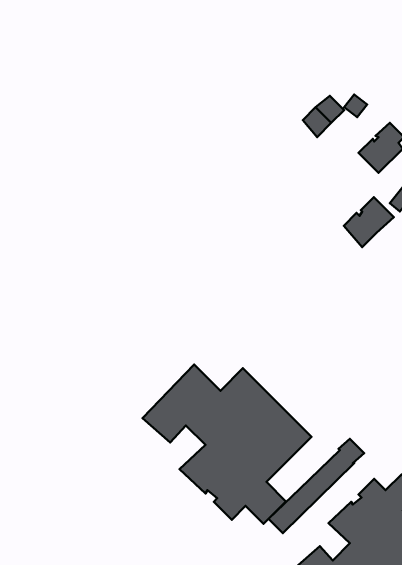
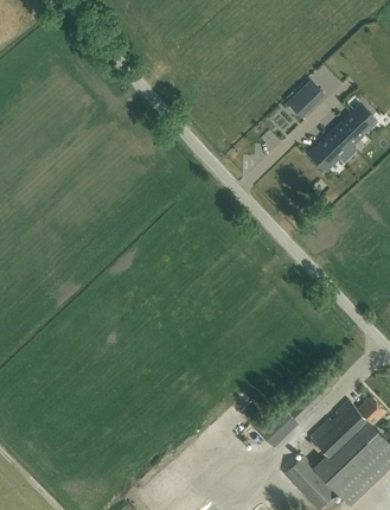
building: [344,197,394,247] -> [309,129,351,171]
building: [142,365,311,524] -> none

